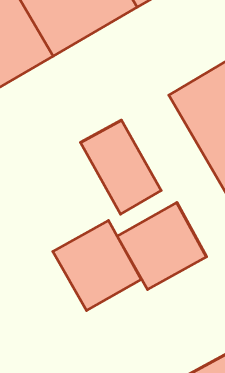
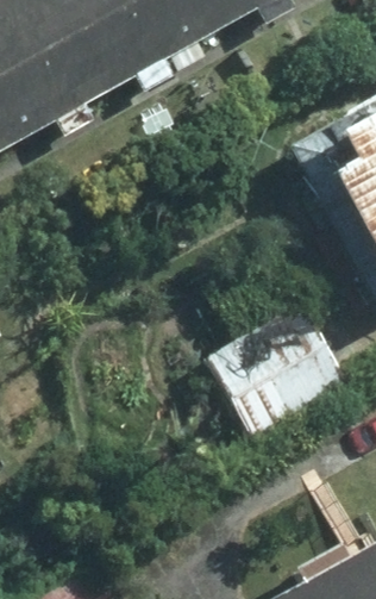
building: [81,120,161,214] -> none
building: [53,220,141,310] -> none

